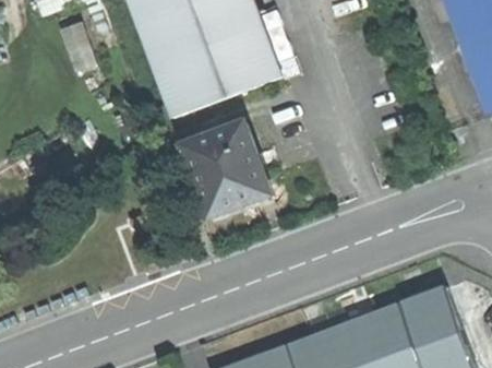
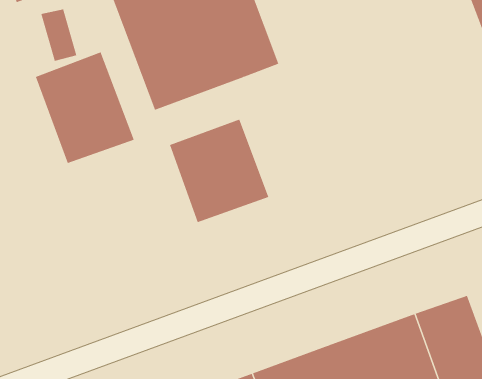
building: none -> [35,52,134,164]

